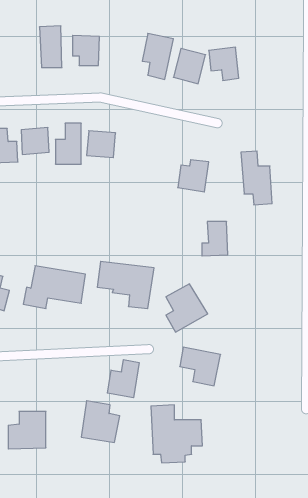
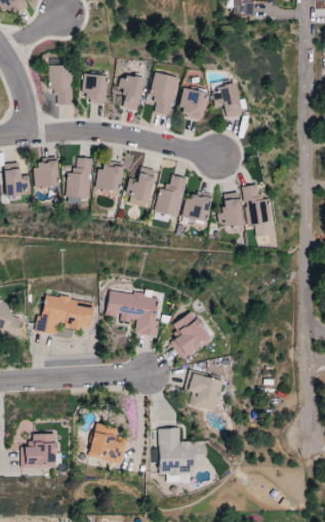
building: none -> [118,75,144,111]
building: none -> [126,167,155,207]
building: none -> [155,174,188,217]
building: [202,222,228,256] -> [218,193,243,226]
building: [107,360,139,398] -> none

